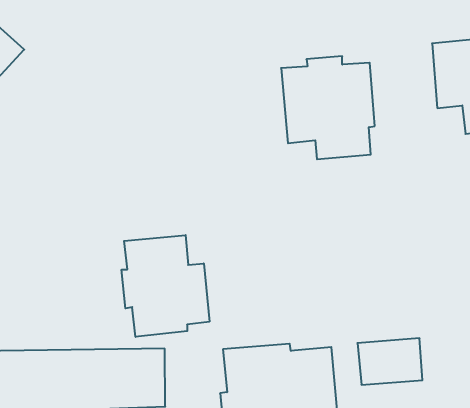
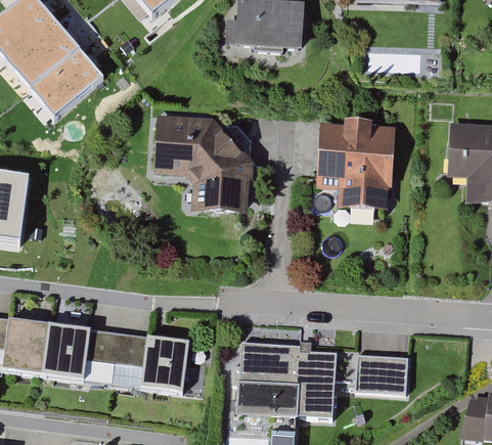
building: none -> [154,115,256,212]
building: [122,235,209,337] -> none

